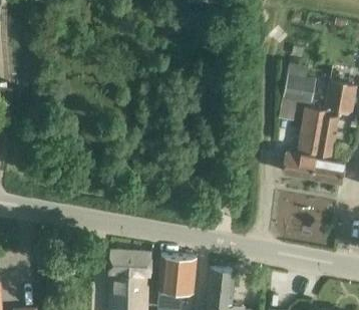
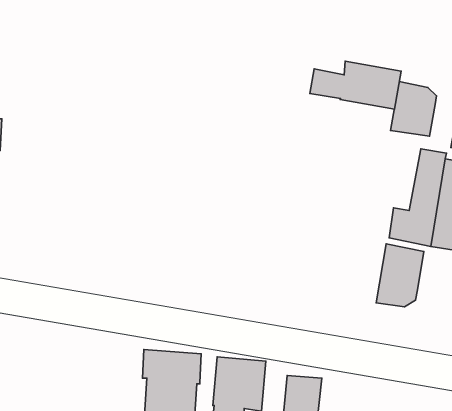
building: none -> [310,61,401,109]
building: none -> [376,244,424,307]

